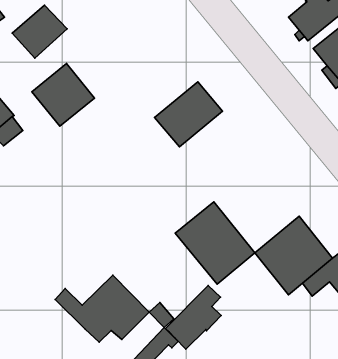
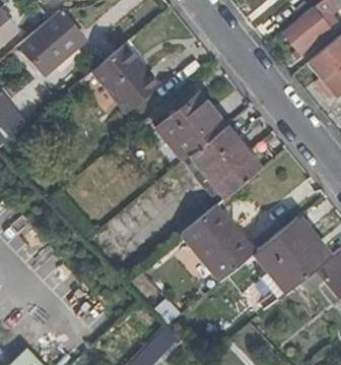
building: [32,64,94,126] -> [91,45,150,104]
building: none -> [183,120,262,195]
building: [55,275,149,342] -> none
building: [165,286,221,349] -> none

